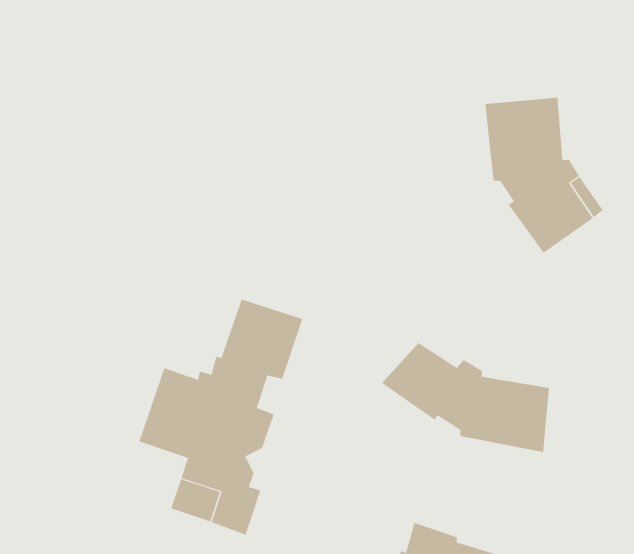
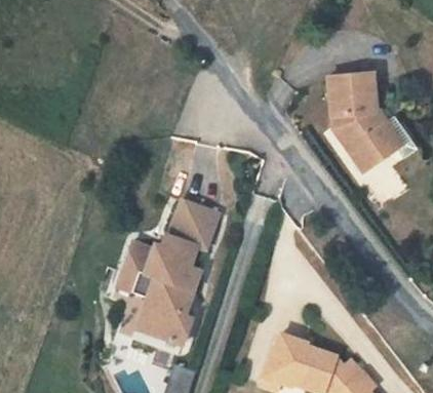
building: [381,342,549,453] -> none

